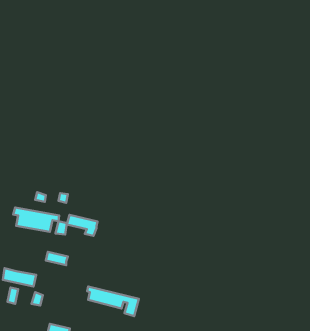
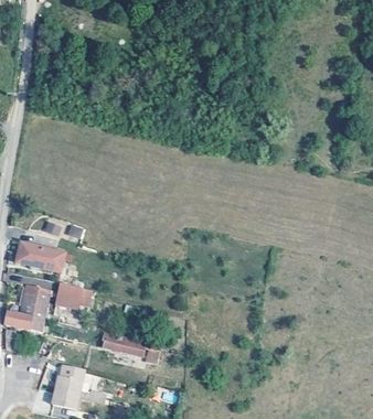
building: [67,215,97,236] -> [58,282,94,307]
building: none -> [22,284,51,320]

